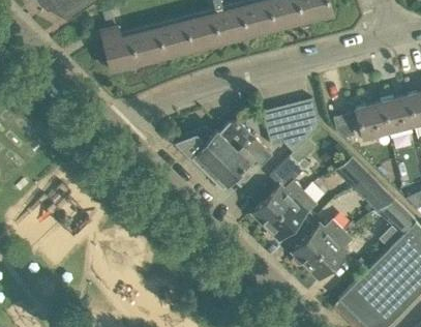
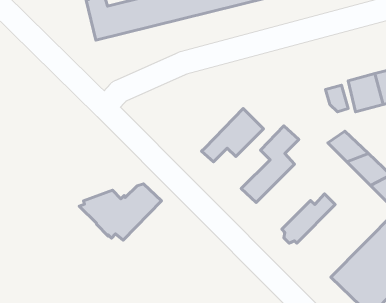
building: [262,98,320,152] -> none
building: [174,119,253,174] -> [79,184,162,240]
building: [266,189,323,241] -> none
building: [305,229,353,280] -> none

